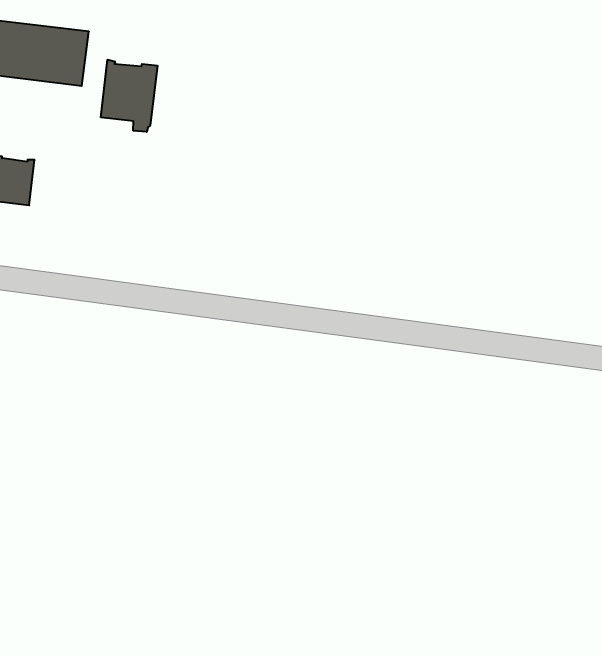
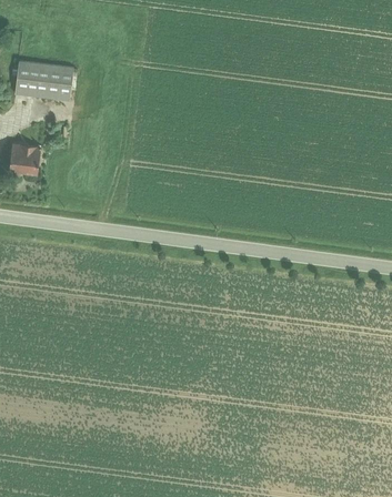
building: [101,60,157,132] -> none

